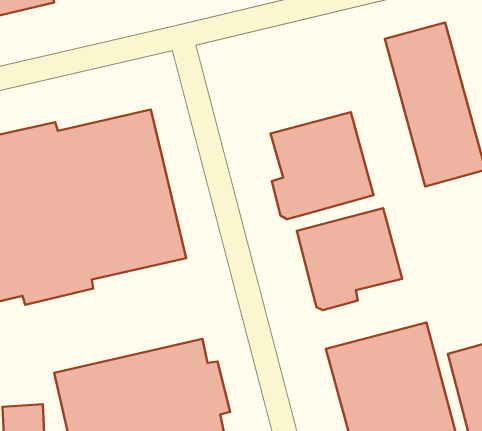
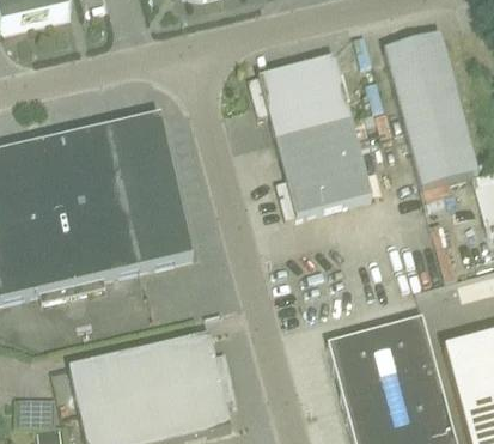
building: none -> [249,54,350,135]
building: [297,208,402,310] -> none

